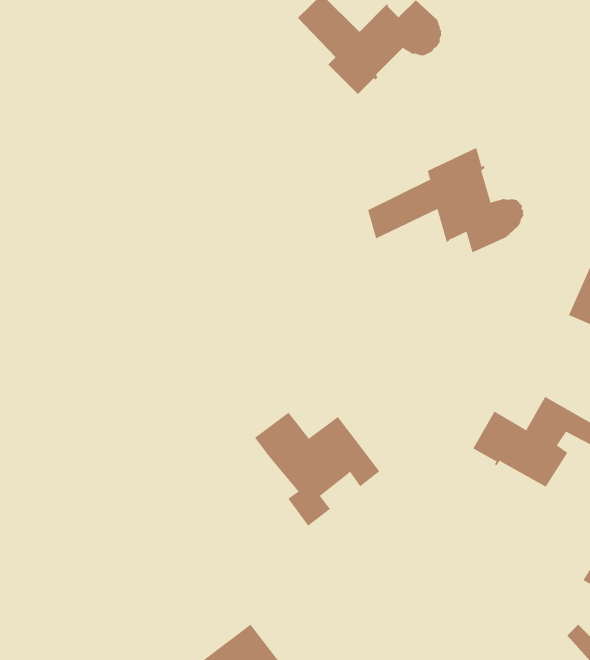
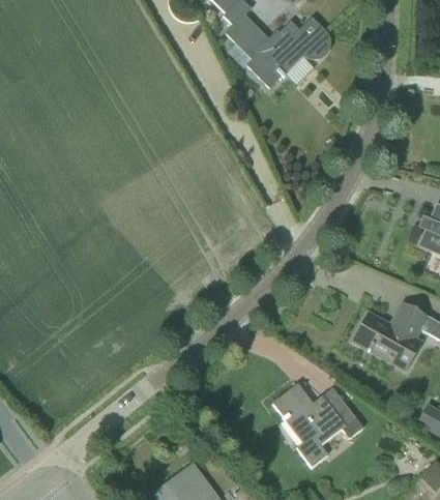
building: [368,147,524,253] -> none
building: [254,412,380,526] -> [273,384,363,466]

